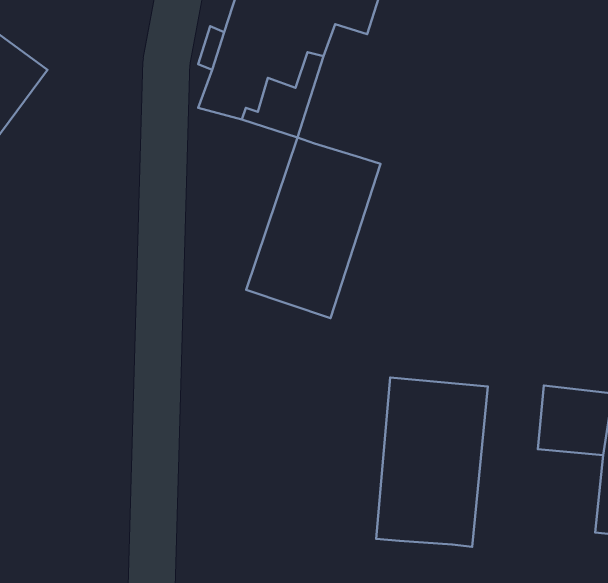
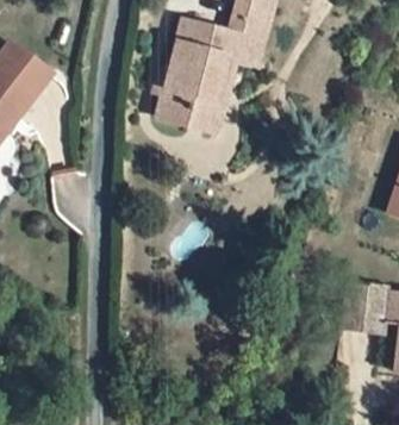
building: [246,137,381,318] -> none
building: [376,378,488,547] -> none

